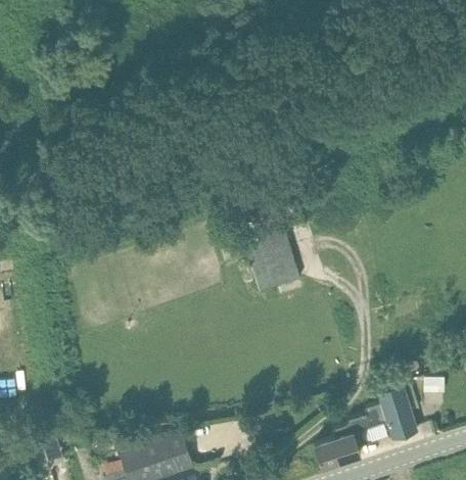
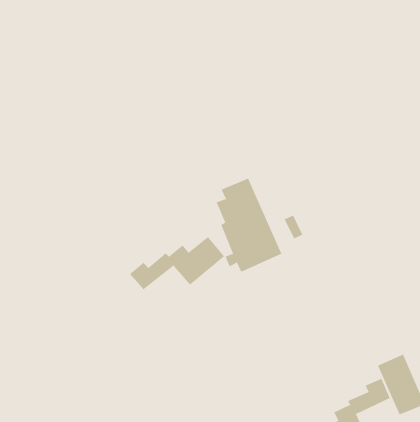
building: none -> [129,236,225,290]

